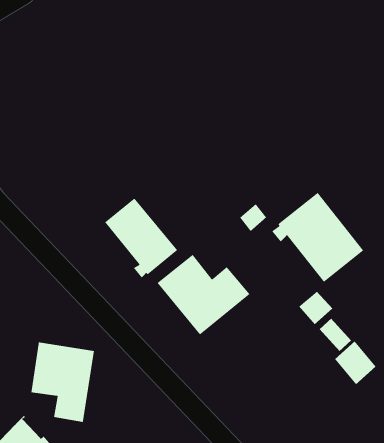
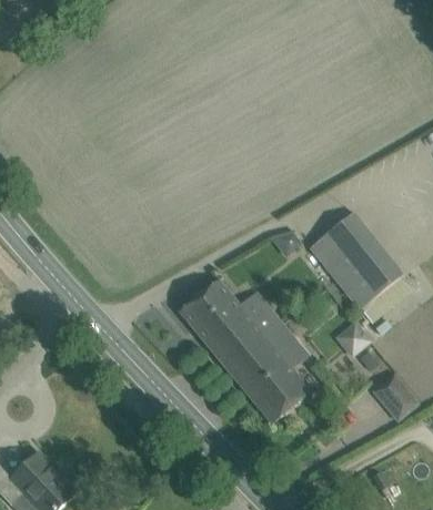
building: [104,197,178,278] -> none
building: none -> [226,323,310,421]
building: [31,342,95,423] -> none

